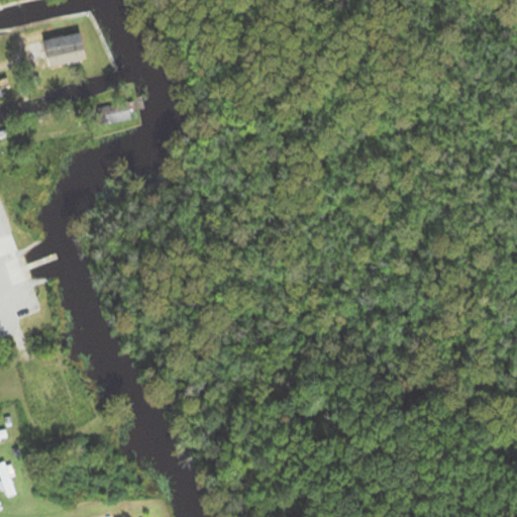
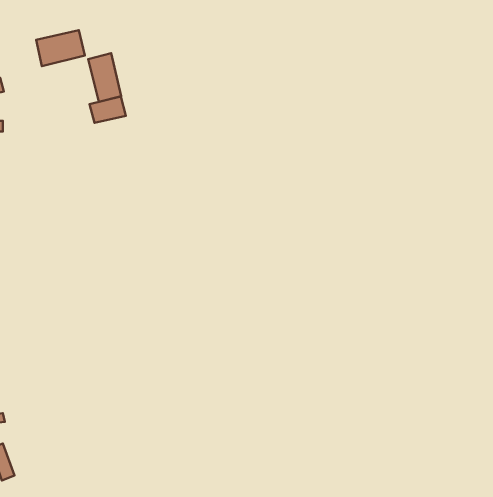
building: none -> [88,53,121,102]

